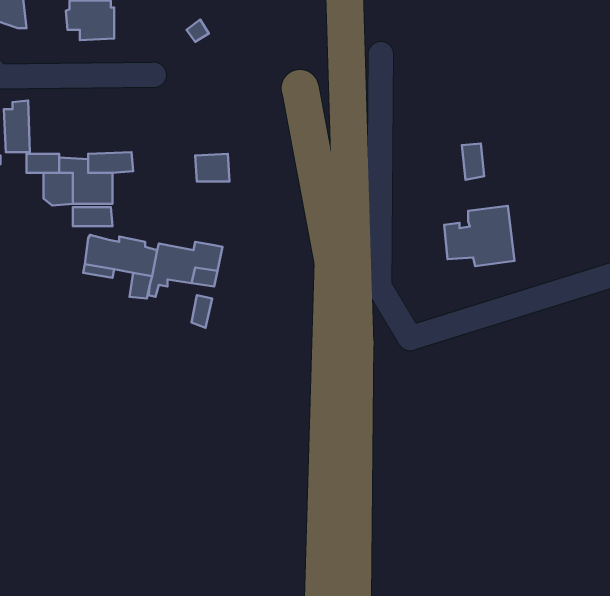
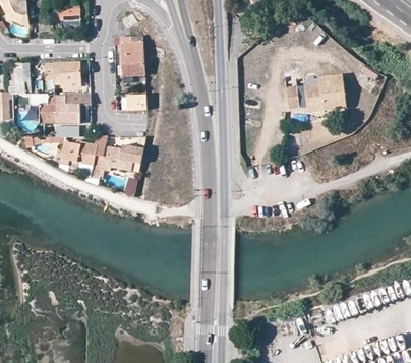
building: none -> [121,43,145,75]
building: none -> [45,63,79,87]
building: [444,206,515,266] -> [304,75,346,111]

